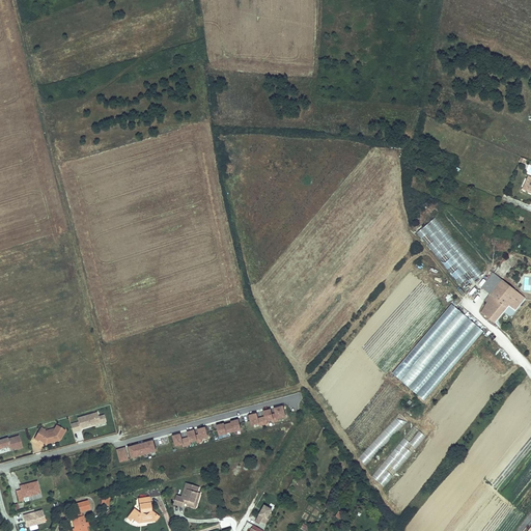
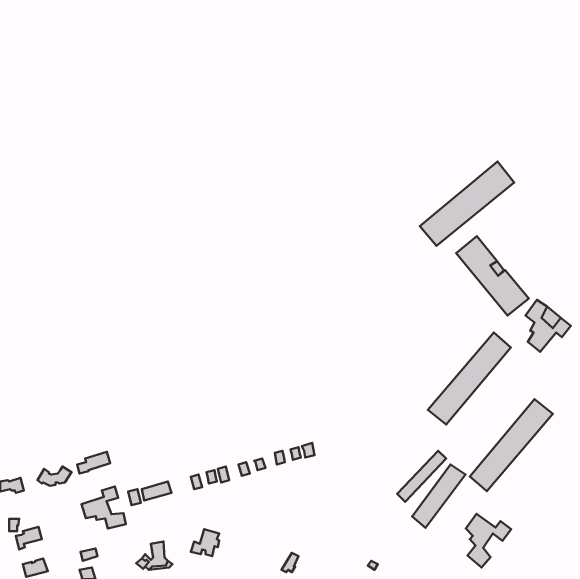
building: none -> [420,161,514,246]
building: [408,317,483,401] -> [470,399,553,491]
building: none -> [81,486,126,529]
building: none -> [466,514,511,568]

